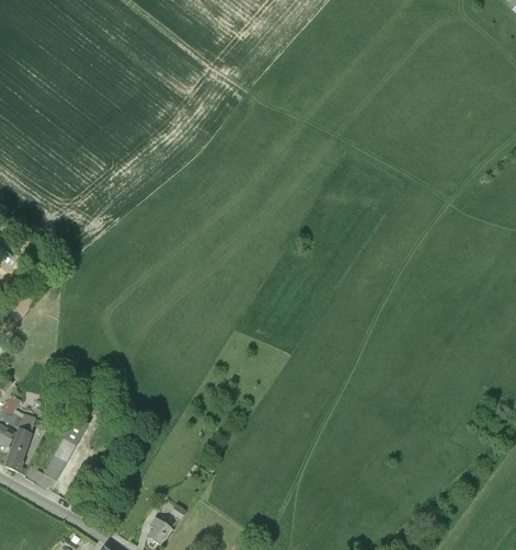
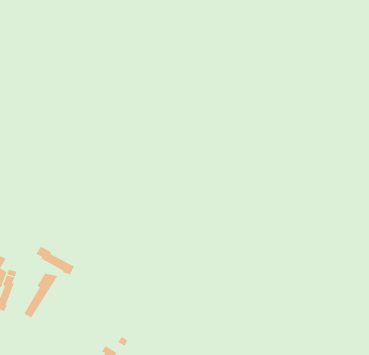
building: none -> [35,246,74,275]

